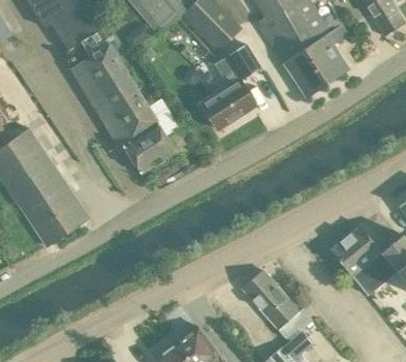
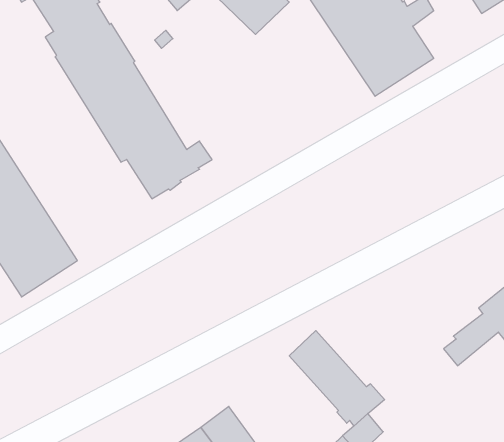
building: [200,52,254,130] -> none
building: [330,227,384,283] -> none

